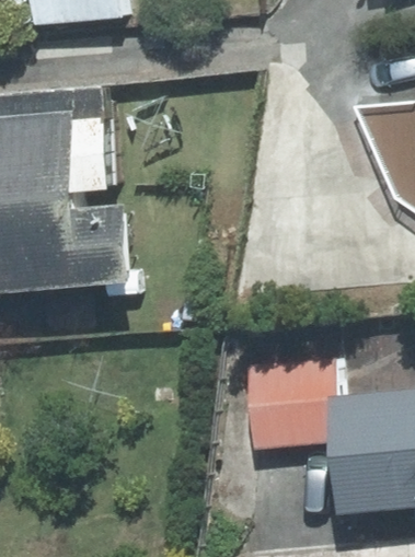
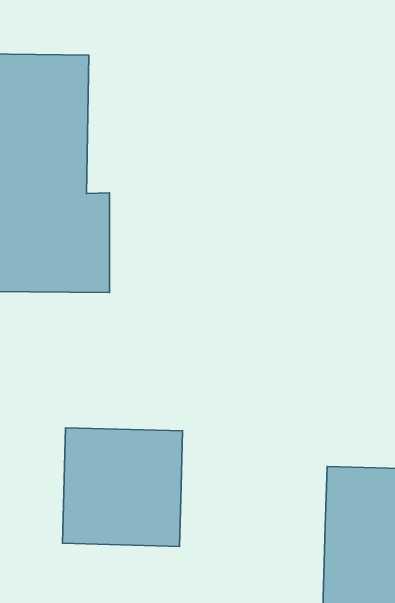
building: [235,353,337,454] -> [63,428,183,546]

